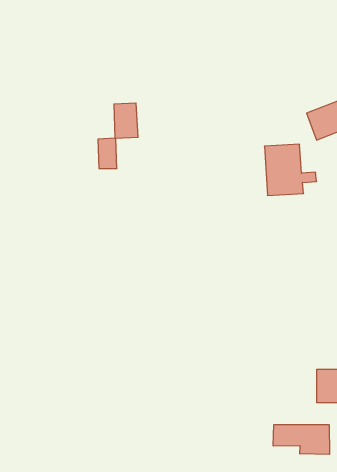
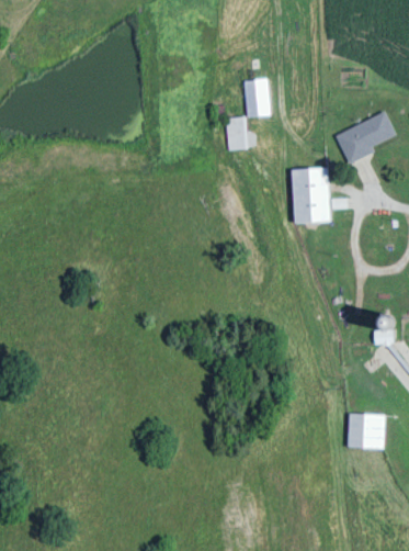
building: [98,103,138,168] -> [227,78,271,149]
building: [273,425,329,454] -> none

